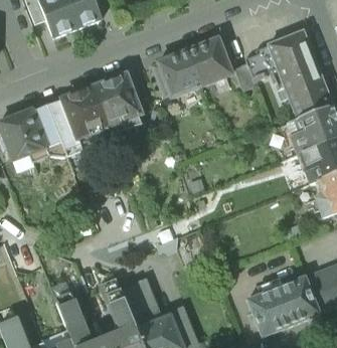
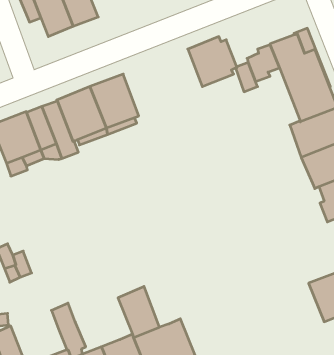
building: [154,48,202,97] -> none
building: [246,275,320,335] -> none
building: [101,278,135,329] -> none

